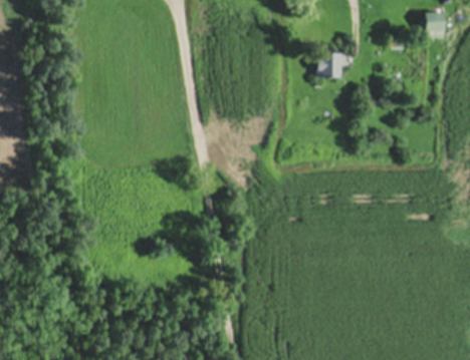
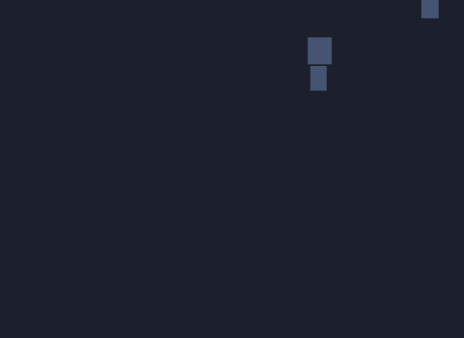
building: none -> [310,65,327,92]

